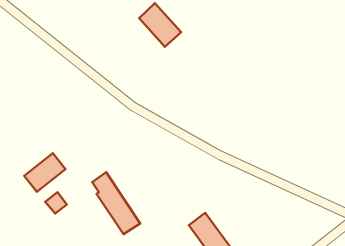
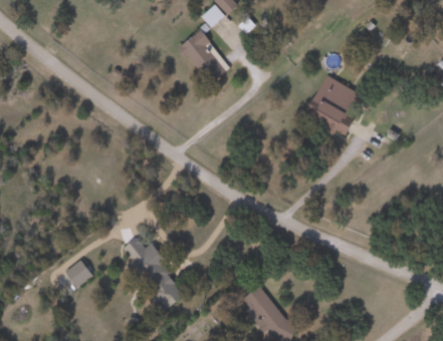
building: none -> [304,75,361,137]
building: [24,153,65,192] -> none

